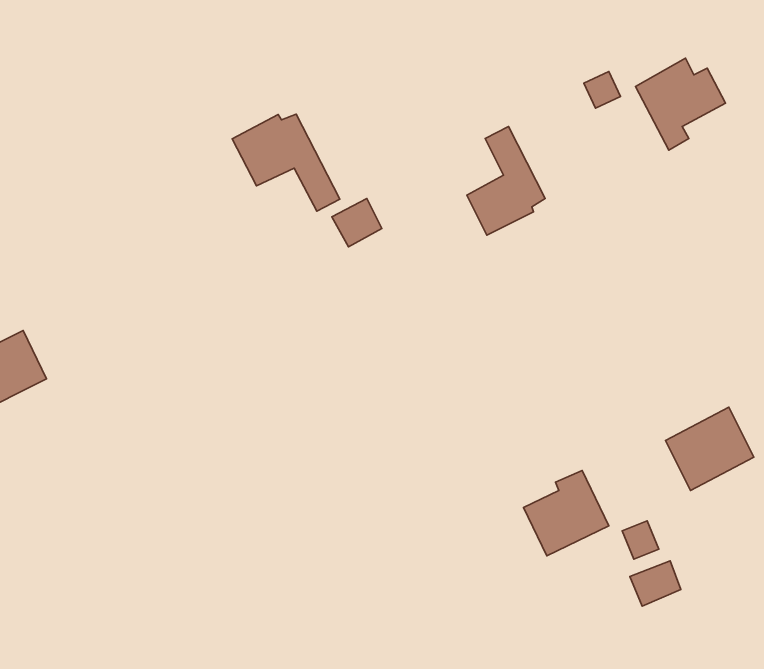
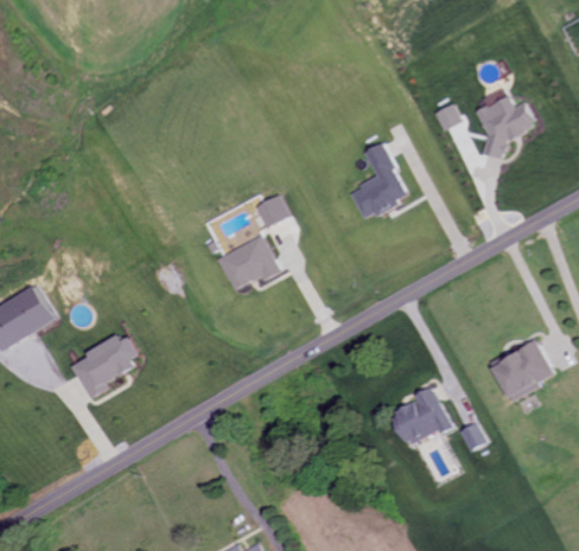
building: [232,114,340,211] -> none
building: none -> [219,235,282,289]
building: none -> [68,335,141,398]
building: [630,561,681,606] -> none

